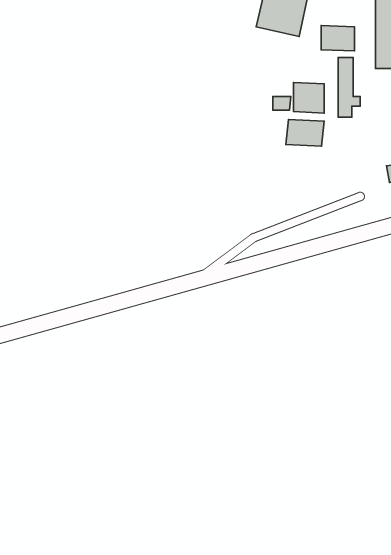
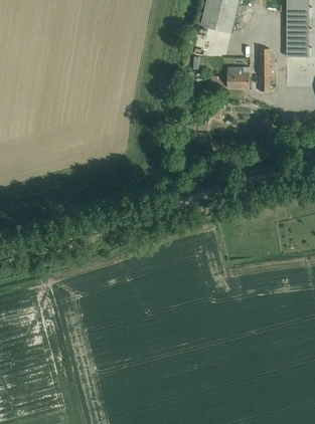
building: [321,26,354,51] -> none
building: [286,120,324,146] -> none

